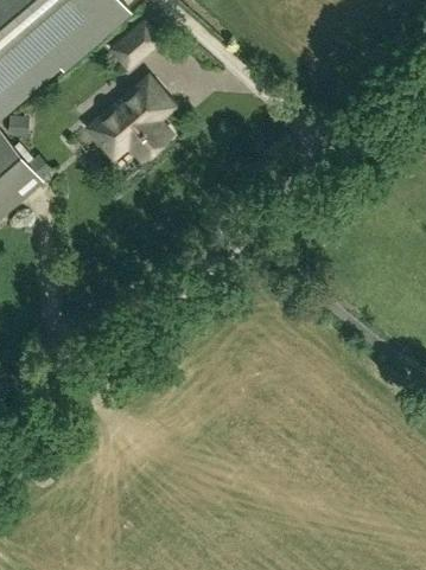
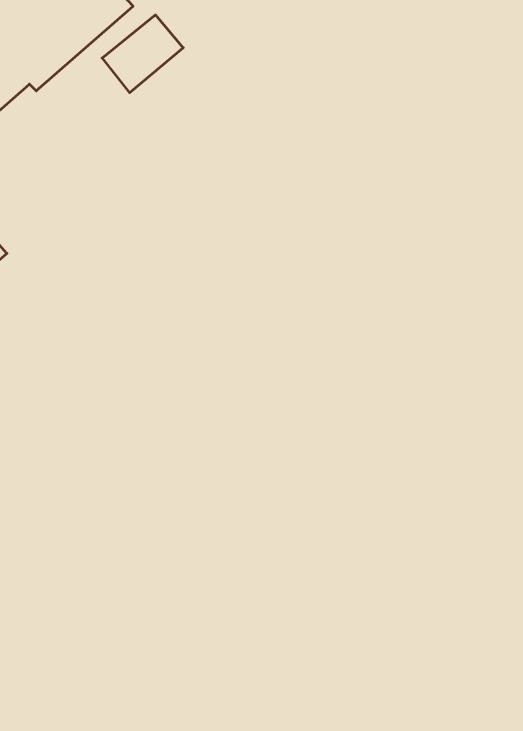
building: [89,81,170,162] -> none

